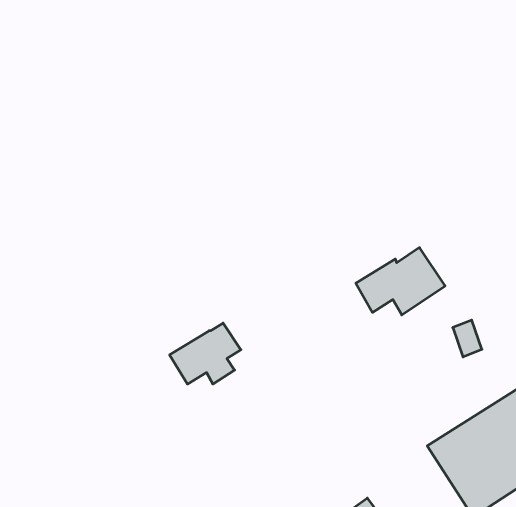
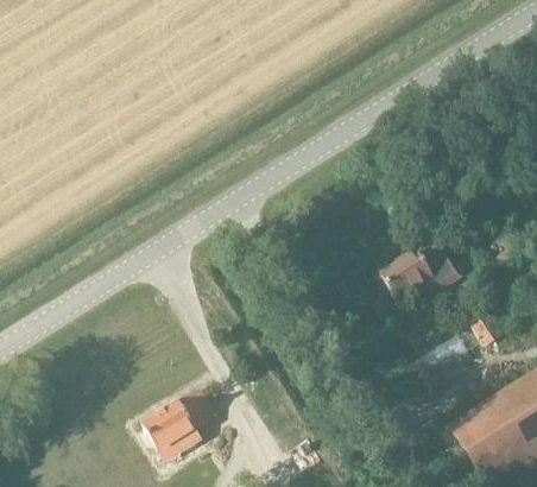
building: [170,323,241,384] -> [144,394,210,451]

